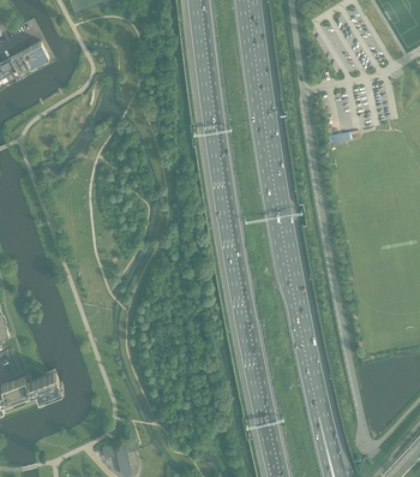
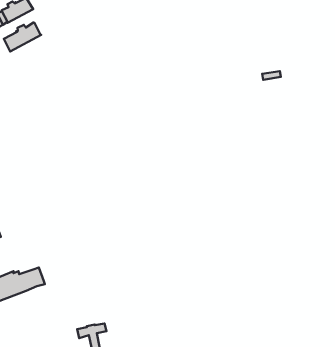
building: none -> [4,22,41,51]

